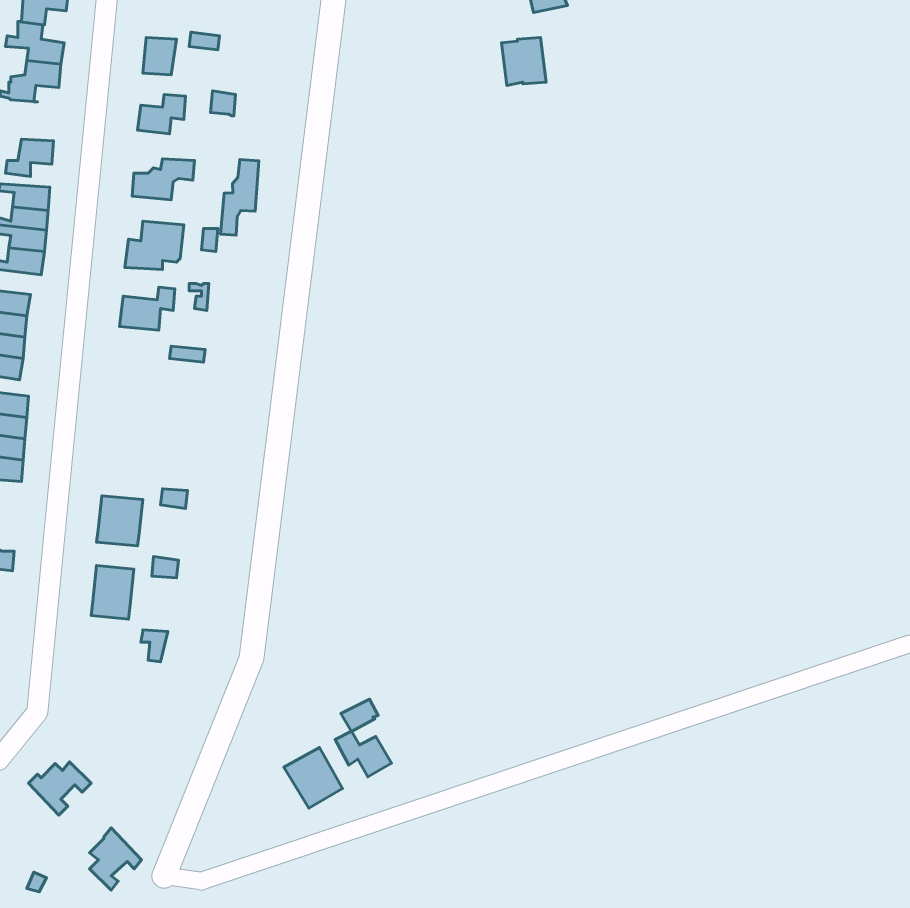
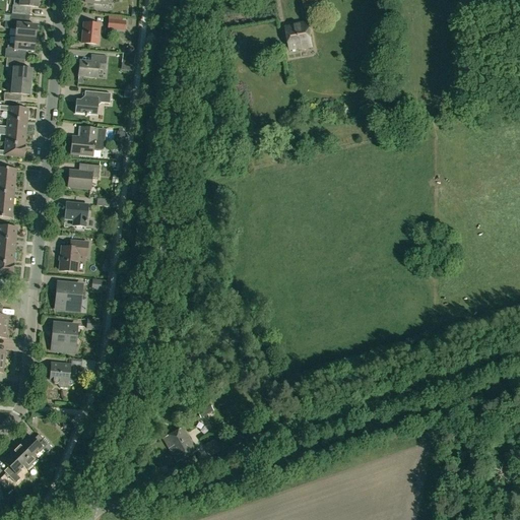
building: none -> [5,57,32,80]
building: [220,159,259,235] -> none
building: none -> [65,202,88,225]
building: none -> [60,240,87,271]
building: none -> [48,362,72,387]
building: [335,731,392,777] -> none
building: [90,828,141,890] -> [4,446,34,481]

